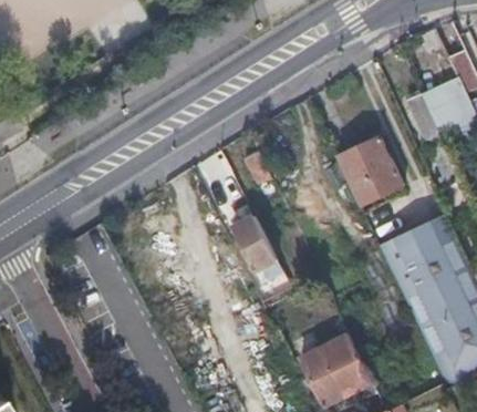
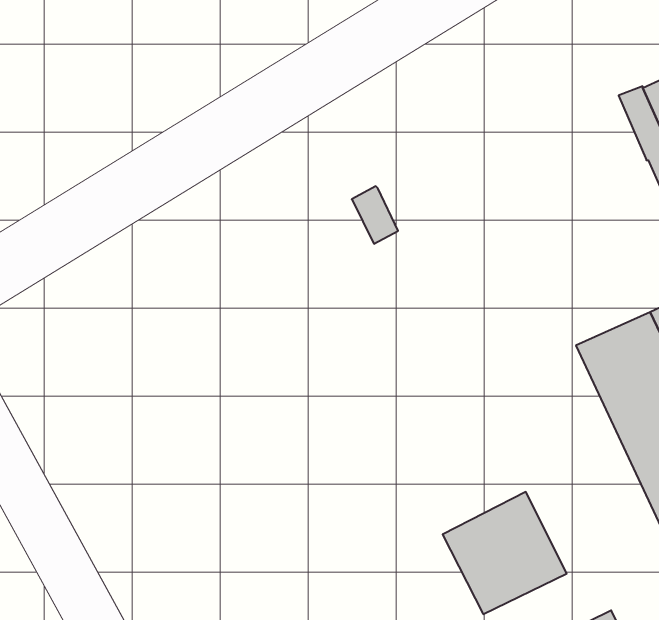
building: [336,135,404,205] -> none
building: [234,216,283,285] -> none

